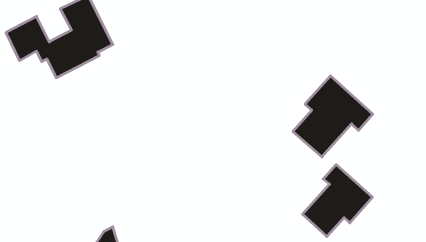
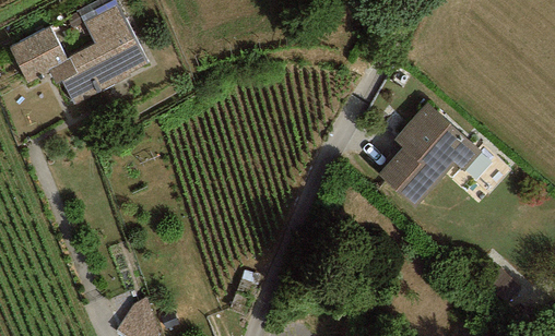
building: [303,165,372,237] -> none

